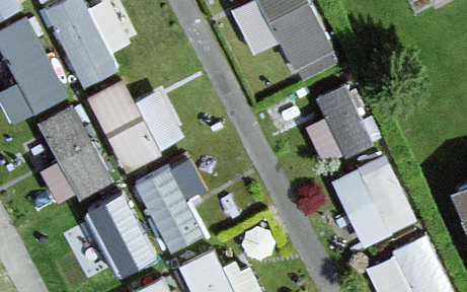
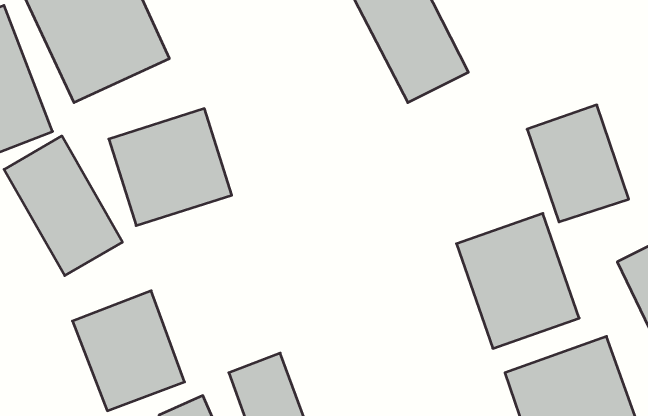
building: [305,81,373,159] -> [527,105,629,222]
building: [134,158,215,250] -> none

